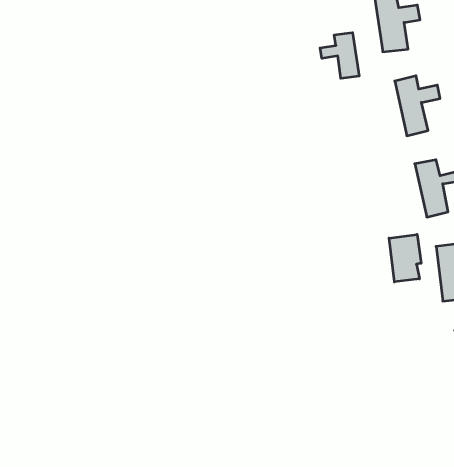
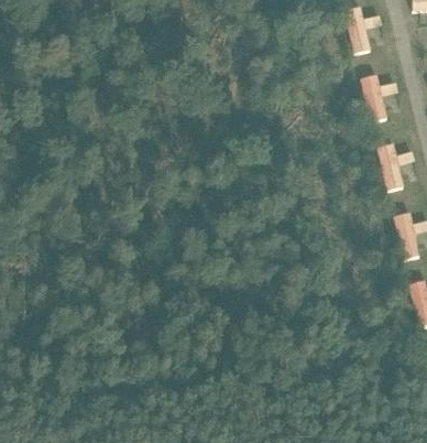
building: [320,33,359,78] -> none
building: [389,234,421,282] -> none

